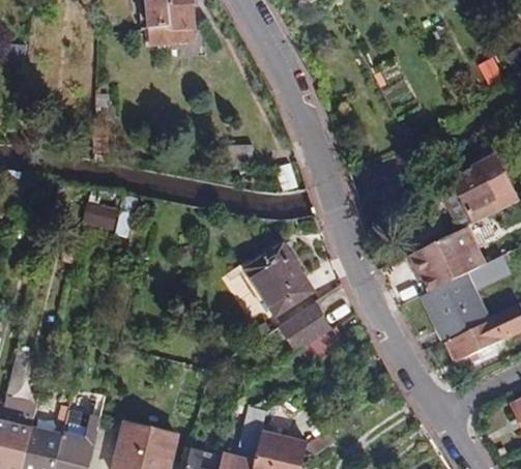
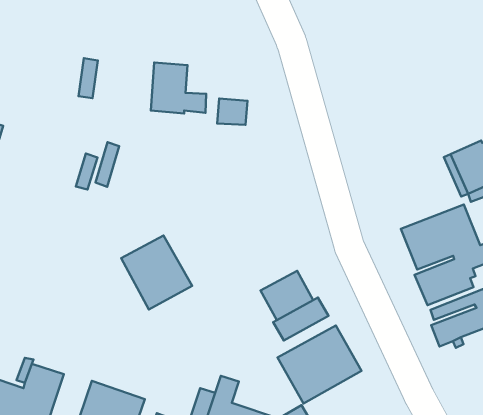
building: none -> [151,62,206,113]
building: [244,245,314,317] -> [121,235,192,310]
building: none -> [278,326,361,404]

